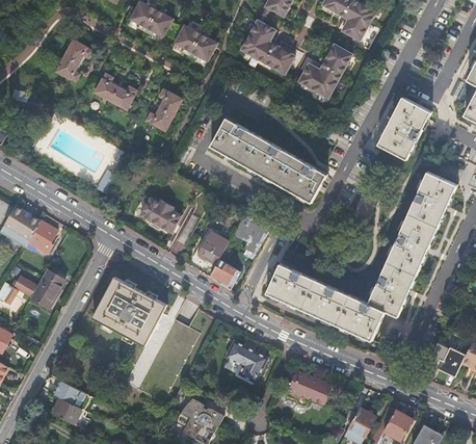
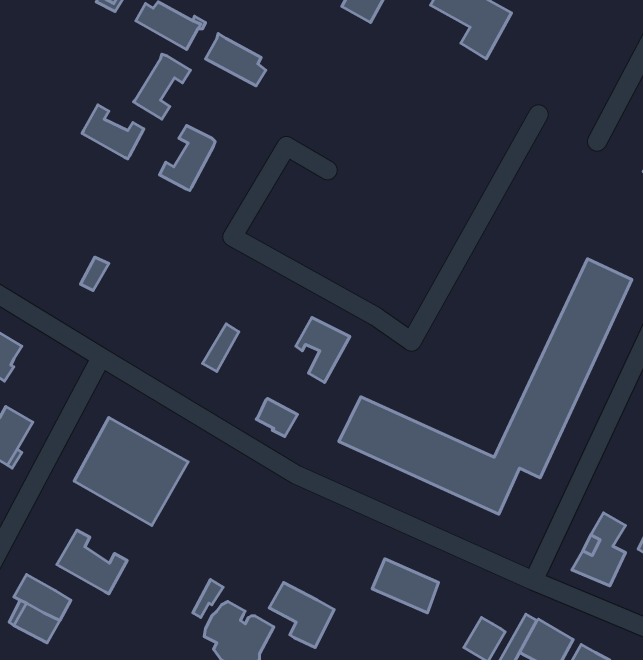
building: [242,22,294,74] -> none
building: [57,38,95,81] -> [133,54,190,119]
building: [300,46,353,99] -> none
building: [377,99,430,161] -> none
building: [210,119,326,202] -> none
building: [138,200,181,235] -> none
building: [197,230,231,265] -> none
building: [223,339,266,382] -> [269,582,334,647]
building: none -> [57,530,127,594]

